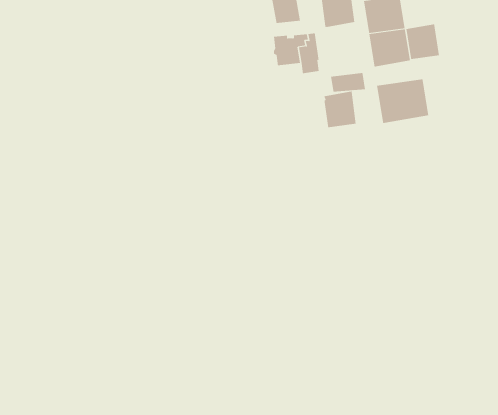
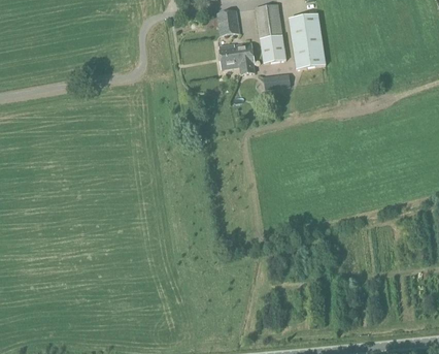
building: [406,23,440,60] -> none
building: [377,78,429,124] -> none
building: [323,91,357,128] -> [260,33,285,62]

